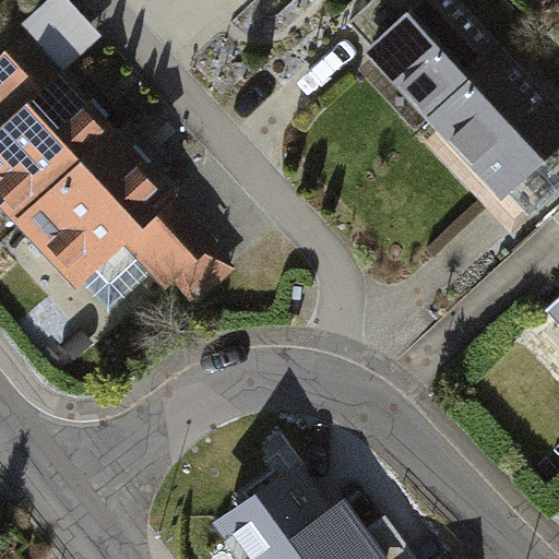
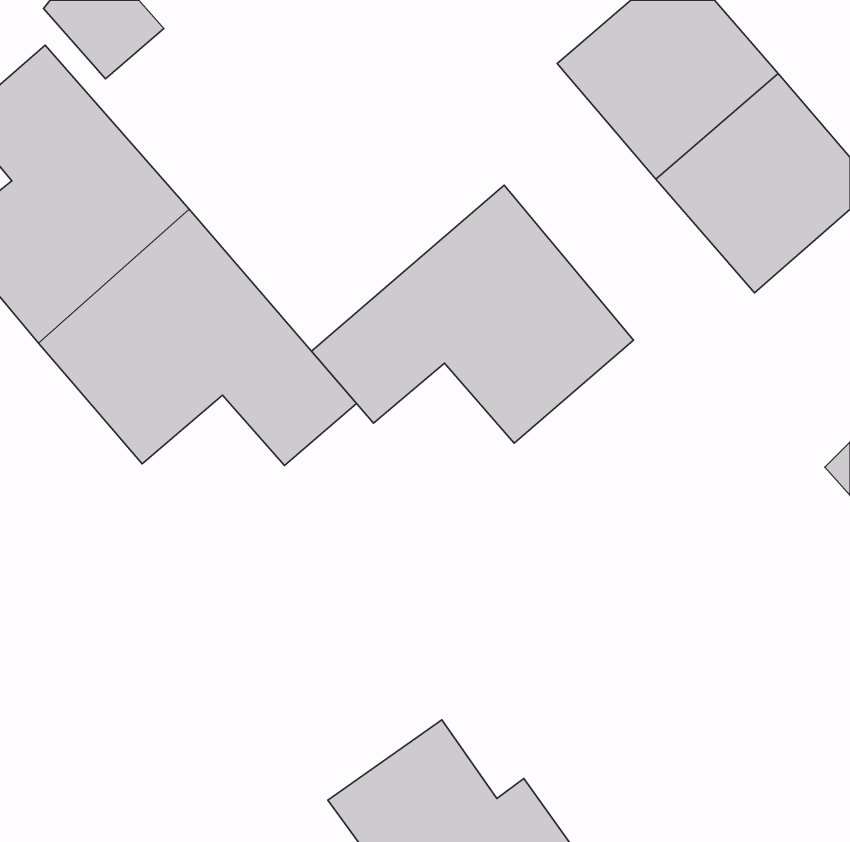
building: none -> [311,185,634,443]

